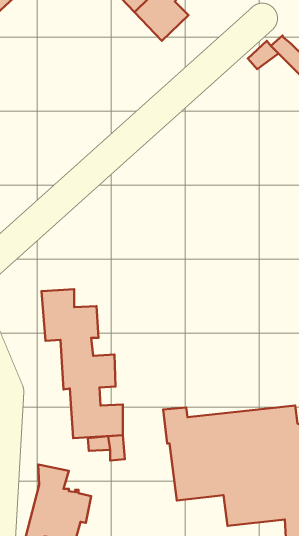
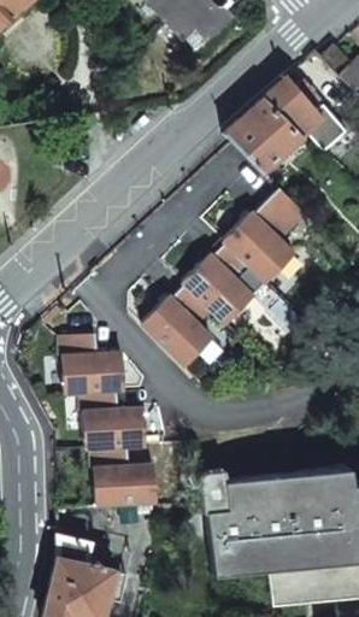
building: none -> [225,77,325,177]
building: none -> [143,188,306,365]

